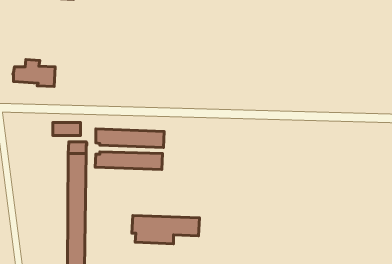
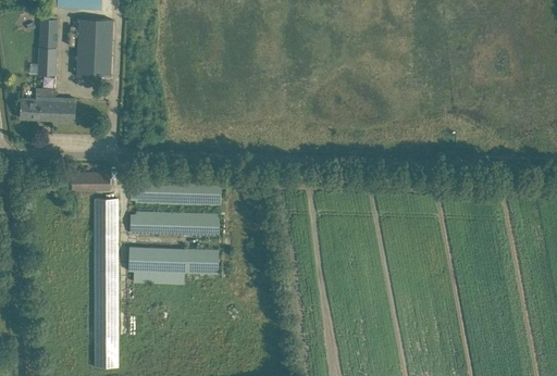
building: none -> [76,18,113,78]
building: none -> [38,20,58,76]
building: [132,215,199,244] -> [128,247,219,285]

